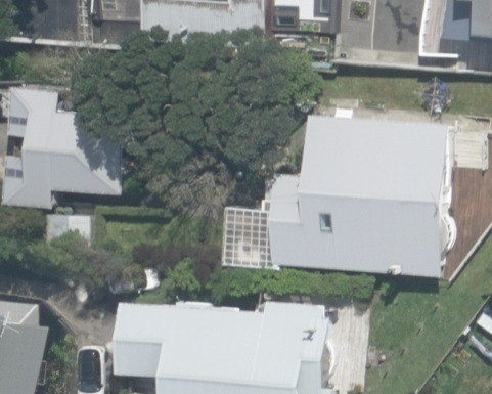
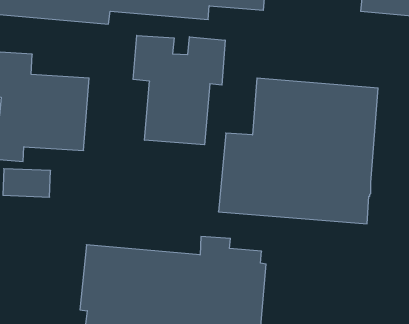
building: none -> [133,35,225,145]

